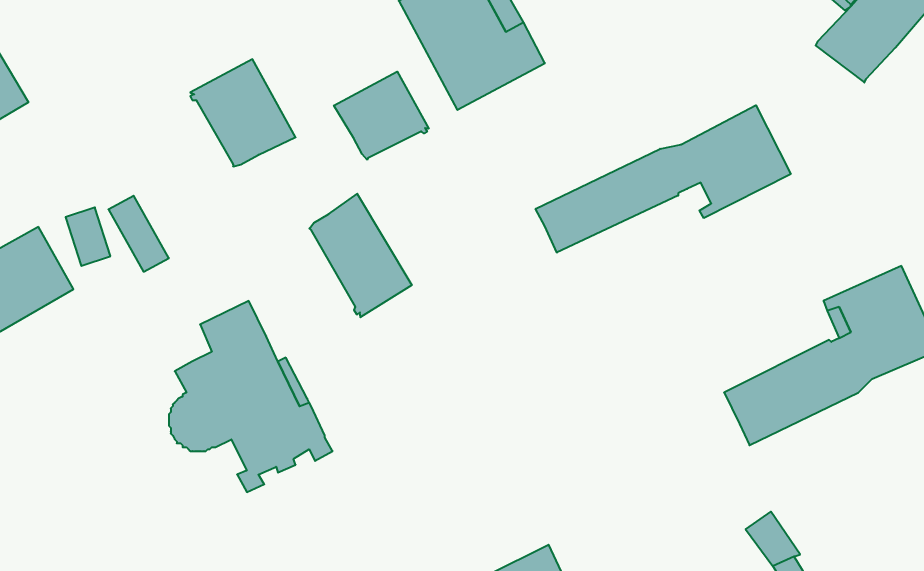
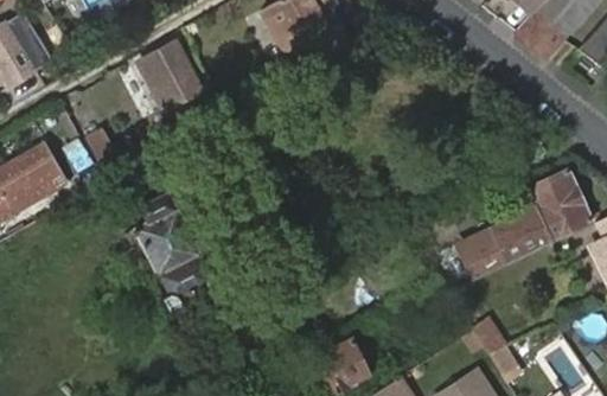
building: [334,72,429,160] -> none
building: [536,105,791,253] -> none
building: [309,194,412,317] -> none

